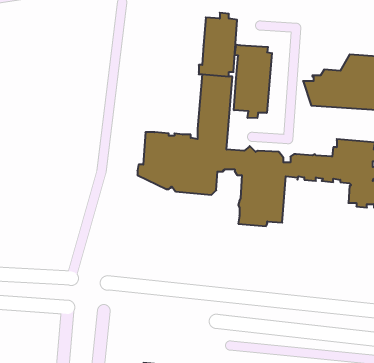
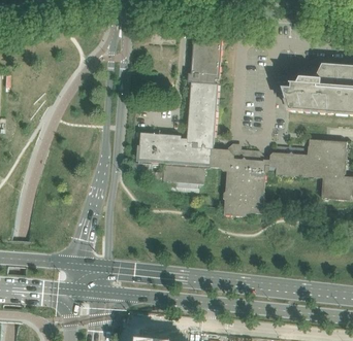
building: [234,45,272,118] -> none

